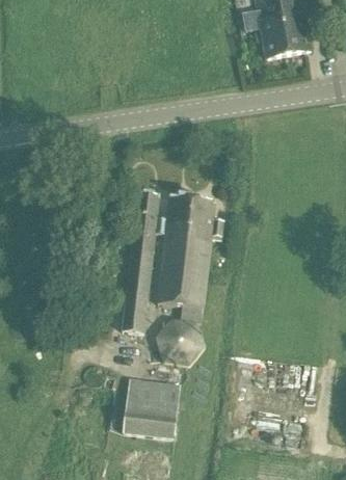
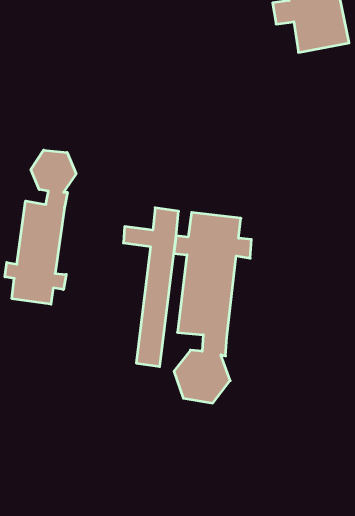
building: none -> [5,150,76,304]
building: [125,379,178,437] -> none

